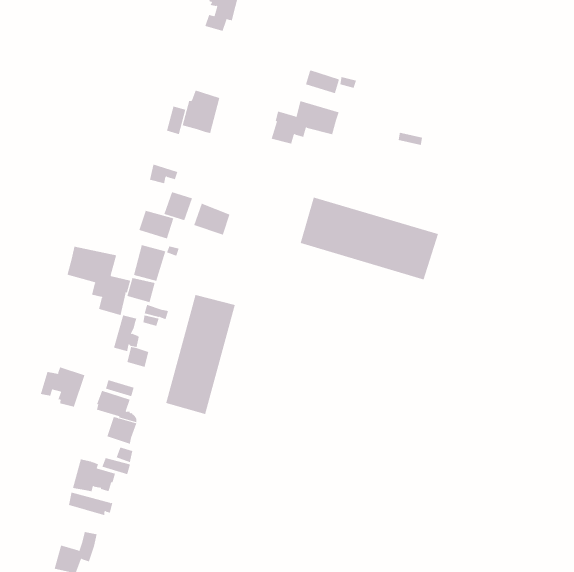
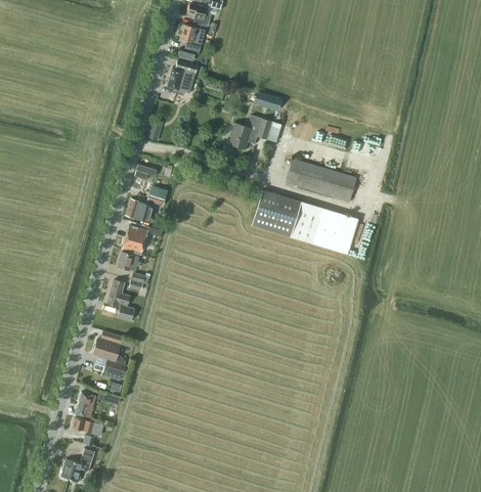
building: [182,90,220,134] -> [167,59,196,93]
building: none -> [286,159,355,202]
building: [193,203,230,236] -> none
building: [67,246,131,316] -> none
building: [166,294,236,415] -> none
building: [40,367,85,408] -> none

